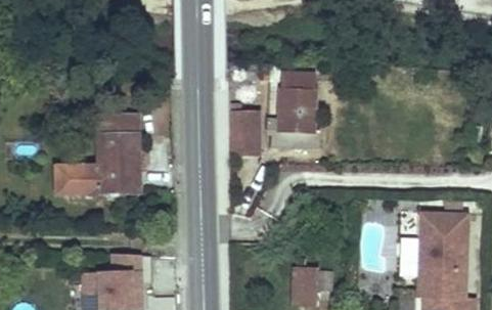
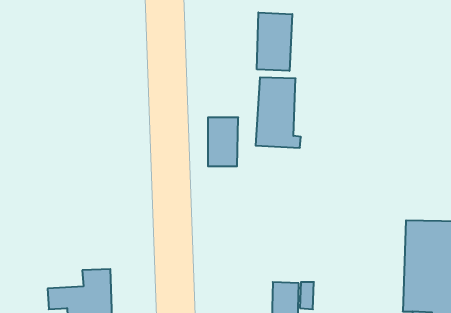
building: none -> [257,12,292,71]
building: [74,115,137,193] -> none

